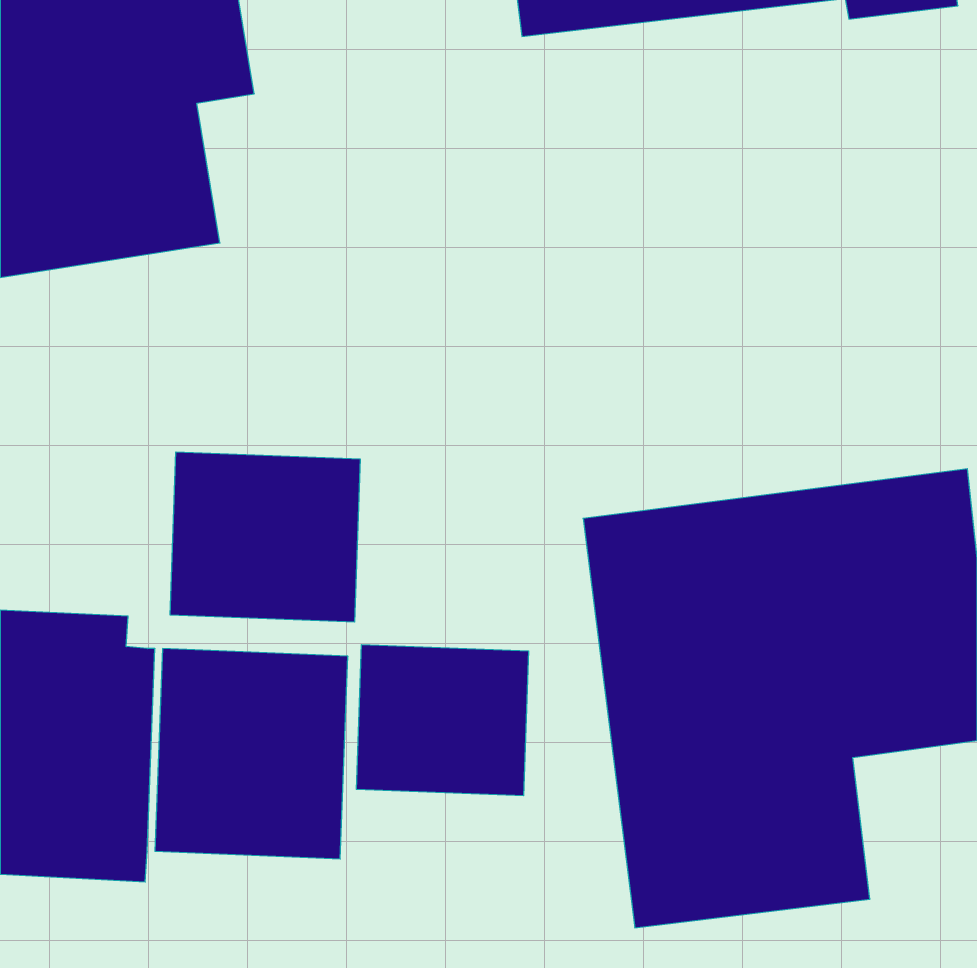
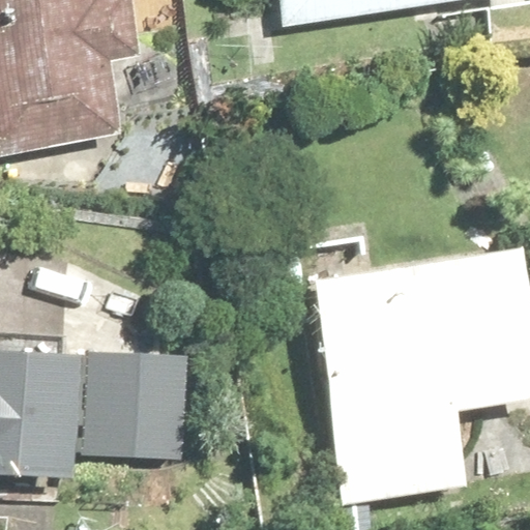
building: [170,452,360,622] -> none
building: [356,645,528,796] -> none

